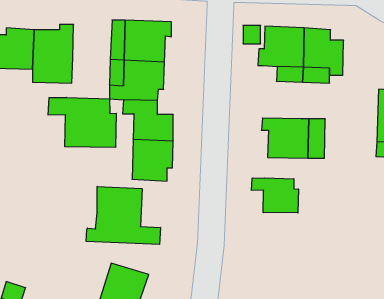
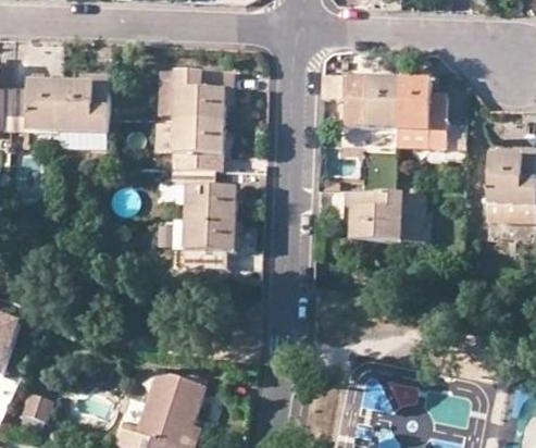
building: [48,97,116,147] -> none
building: [252,178,298,213] -> none
building: [86,186,160,244] -> none

